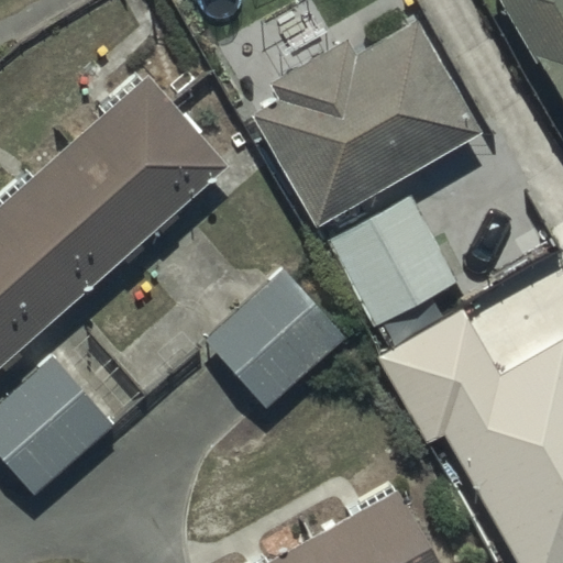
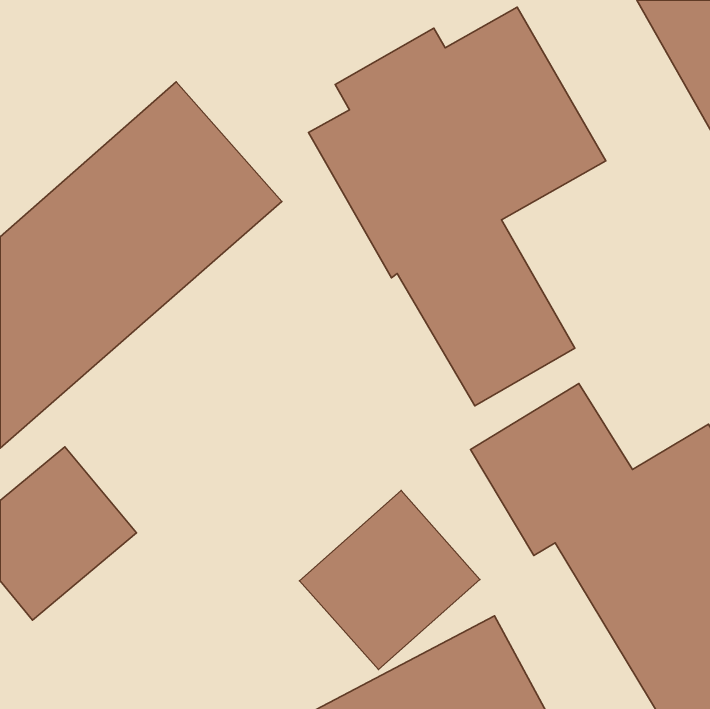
building: [209,269,350,409] -> [300,491,480,670]

